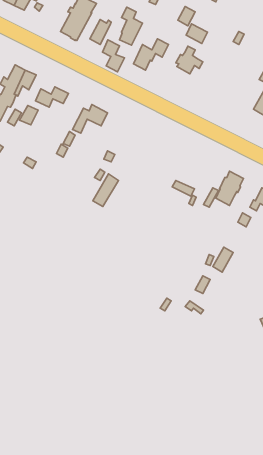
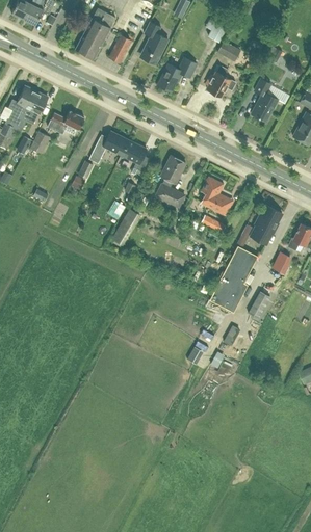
building: [103,40,124,72] -> none
building: none -> [251,78,277,121]
building: none -> [121,139,149,176]
building: none -> [155,155,185,206]
building: none -> [200,176,232,214]
building: none -> [209,245,257,312]

